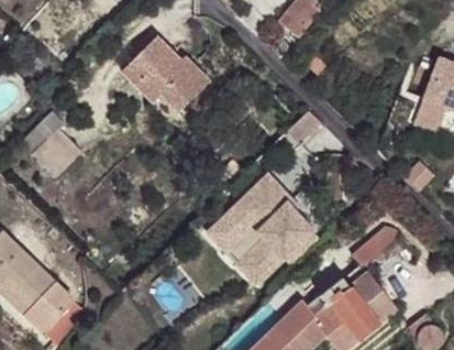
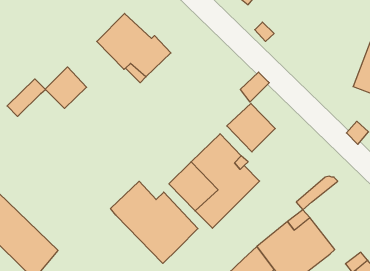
building: [34,130,81,177] -> [45,67,87,108]
building: none -> [227,103,275,152]
building: none -> [111,181,198,263]

